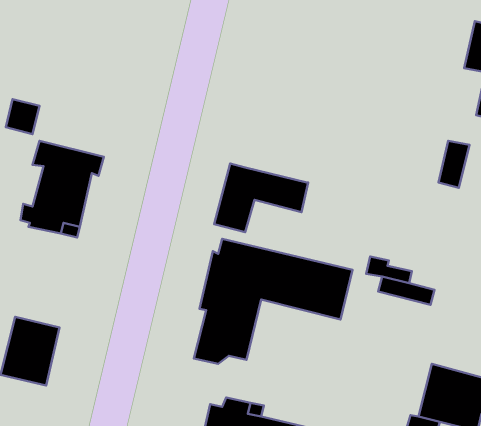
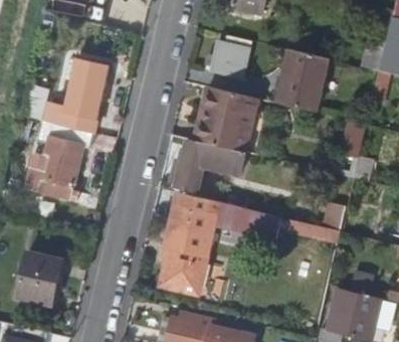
building: none -> [206,34,251,76]
building: none -> [275,48,329,113]
building: none -> [44,58,109,133]
building: none -> [198,87,256,152]

